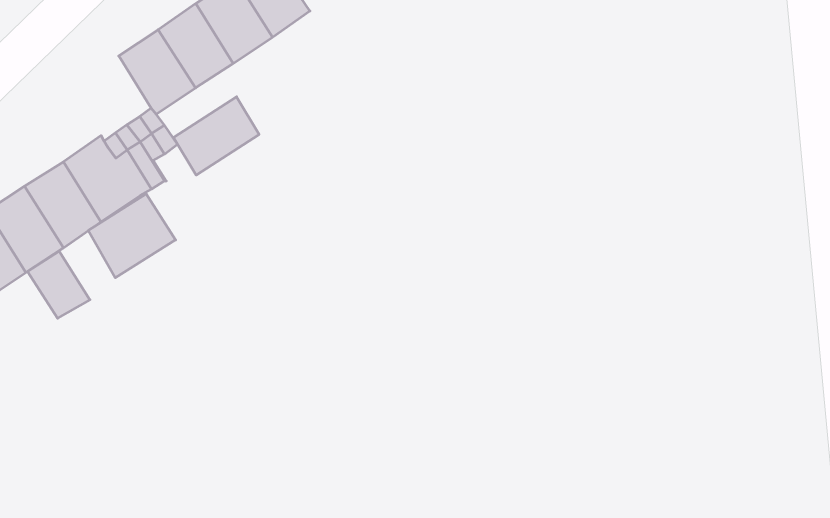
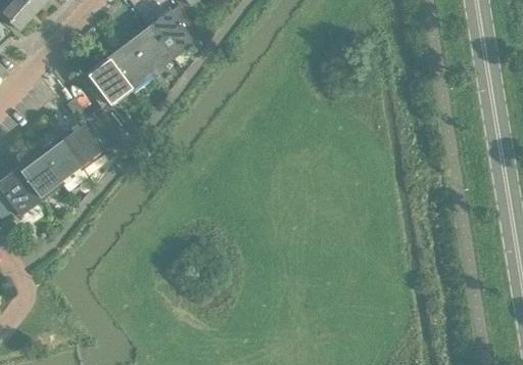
building: [174,97,259,175] -> none
building: [88,194,176,278] -> none
building: [28,251,90,318] -> none

